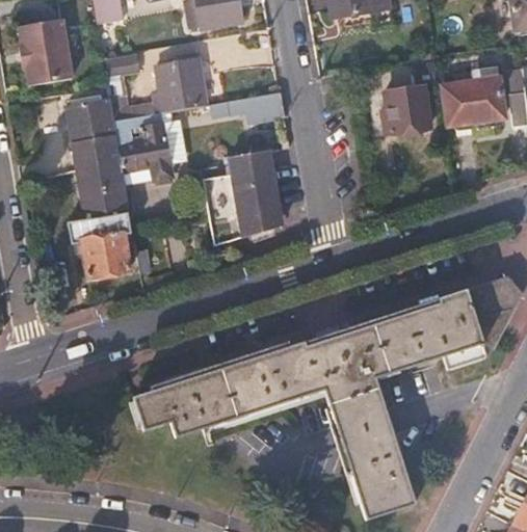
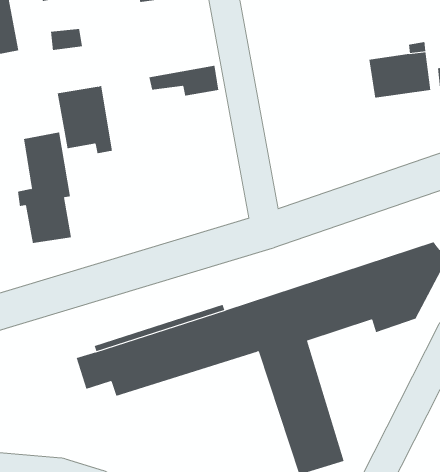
building: [154,49,207,113] -> none
building: [381,86,430,133] -> none
building: [69,100,117,168] -> none
building: [202,150,279,242] -> none

